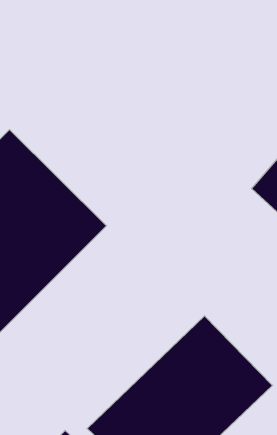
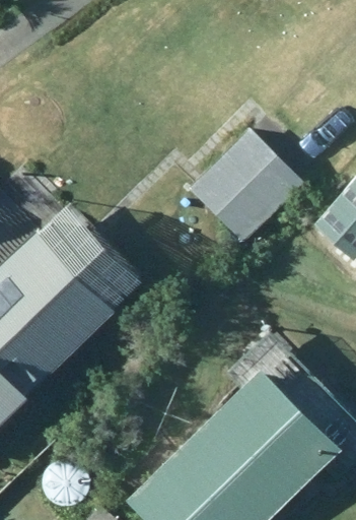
building: none -> [190,132,302,246]

